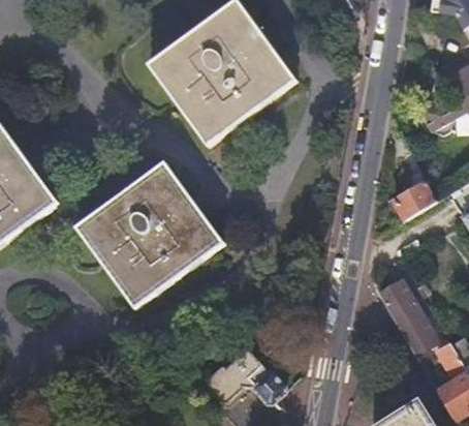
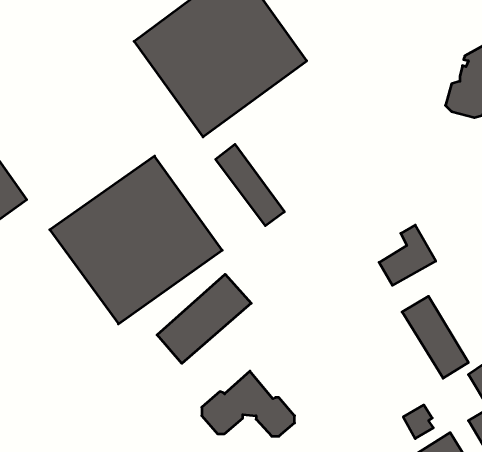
building: none -> [216,144,284,226]
building: [388,169,437,220] -> [379,225,436,285]
building: none -> [157,274,251,363]

